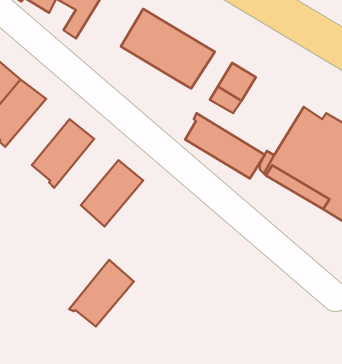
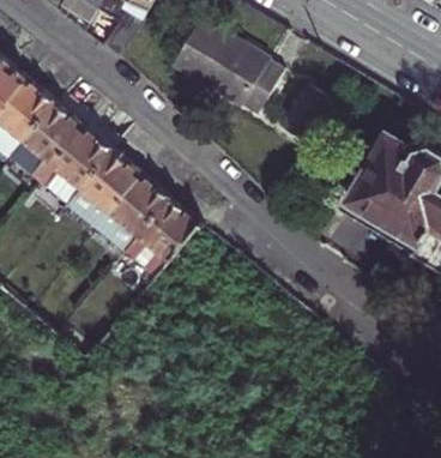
building: none -> [37,123,113,201]
building: [185,113,265,179] -> none
building: [69,260,134,326] -> [95,170,170,248]

